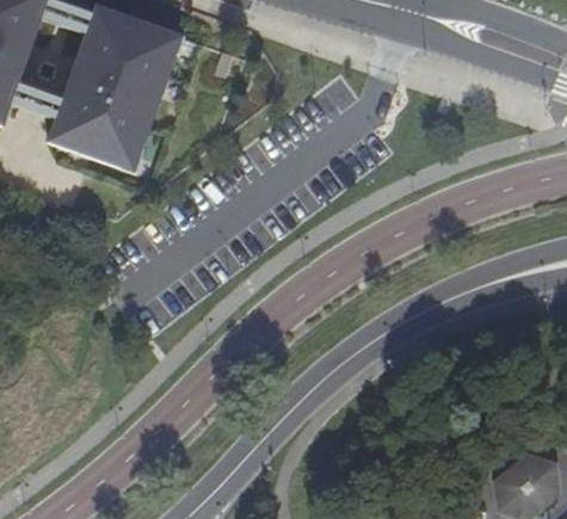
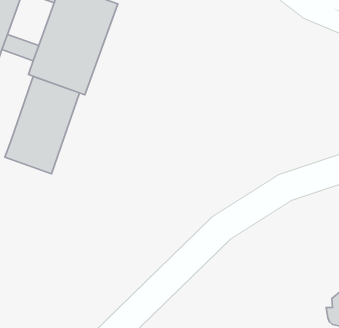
building: none -> [5,77,80,174]

